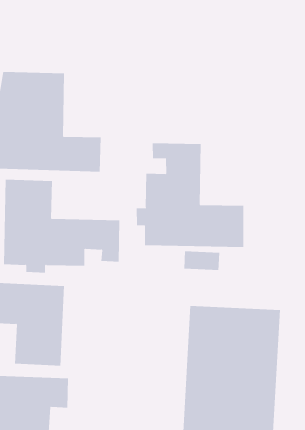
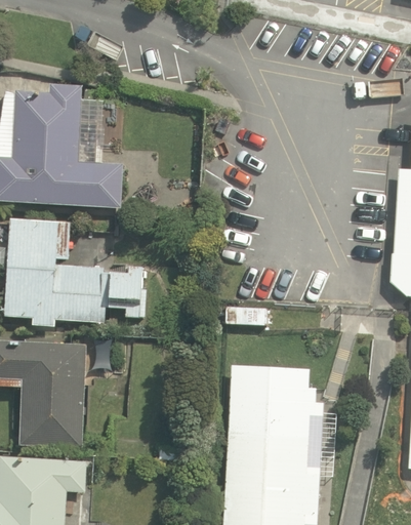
building: [136,142,244,248] -> none

